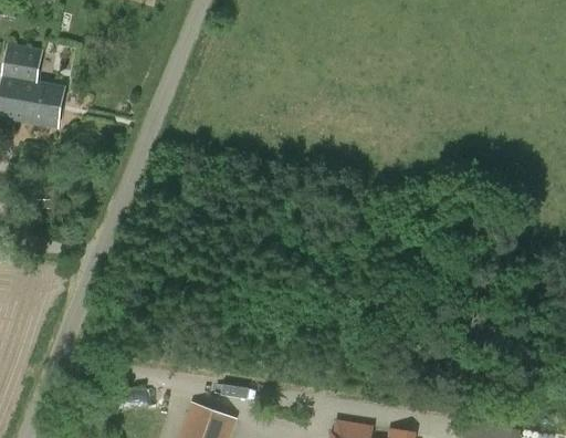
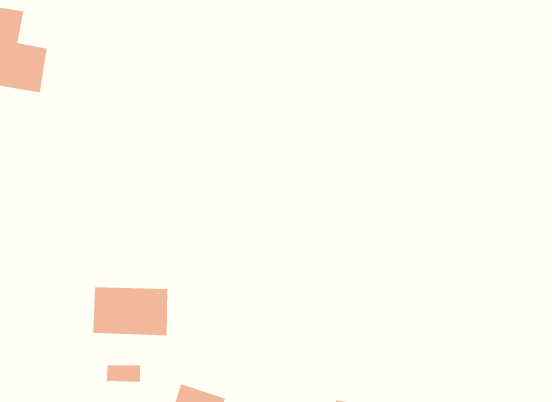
building: none -> [93,286,168,336]

